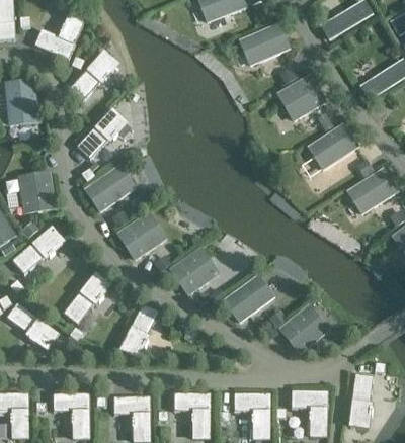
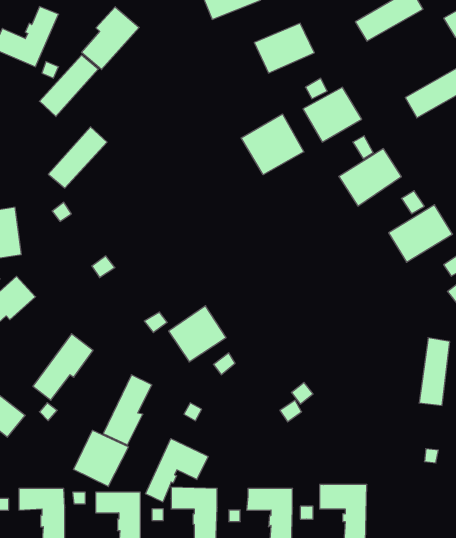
building: none -> [82,7,139,70]
building: none -> [241,114,304,175]
building: [83,164,135,211] -> none
building: [118,212,165,257] -> none
building: [222,274,273,322] -> none
building: [279,305,327,352] -> none
building: none -> [74,430,128,487]
building: none -> [146,439,208,502]
building: [347,374,372,428] -> [419,338,450,405]

